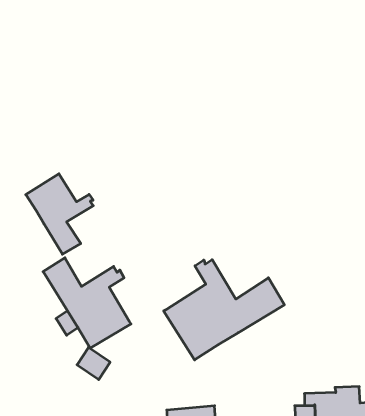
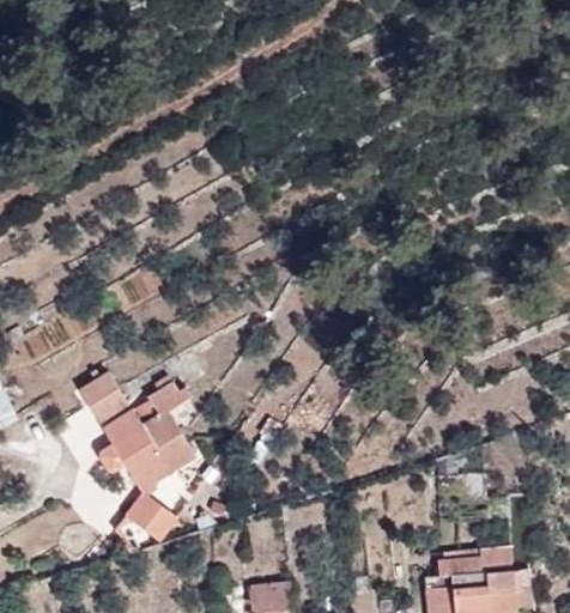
building: [26,174,93,254] -> none
building: [164,260,284,360] -> none

